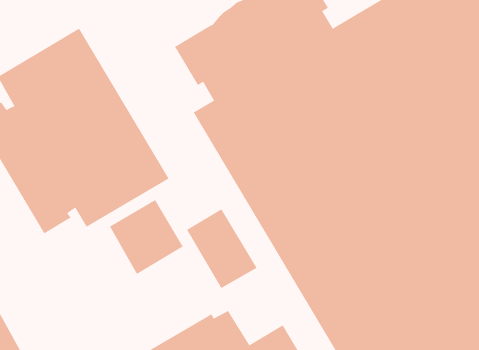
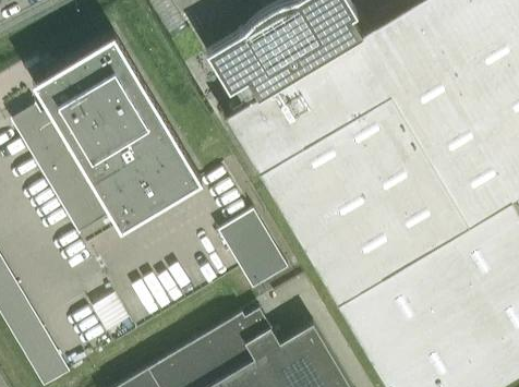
building: [109,199,184,275] -> none

